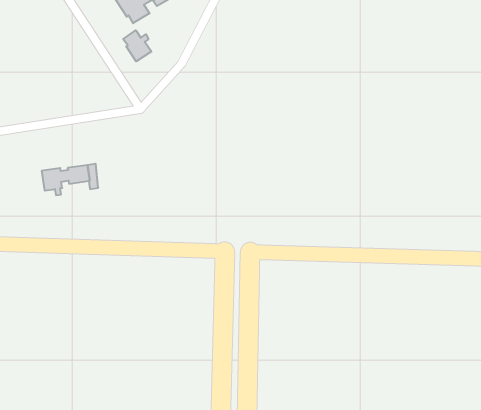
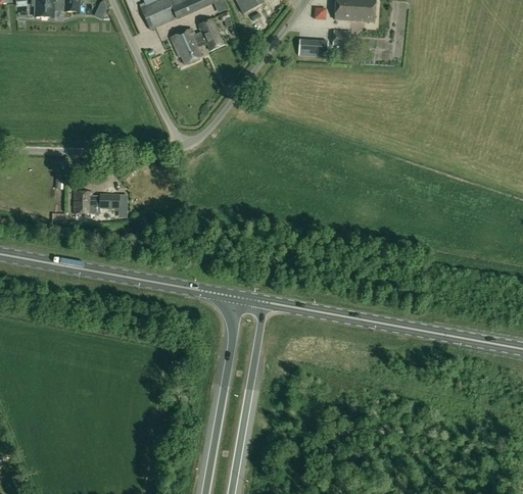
building: [123,30,151,61] -> none

